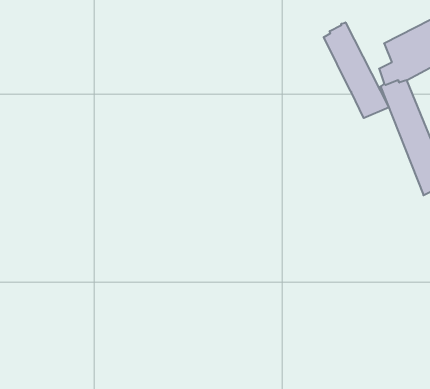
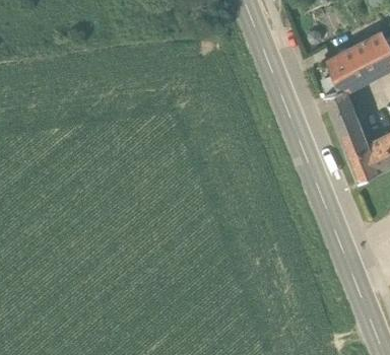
building: [324,22,389,118] -> none

